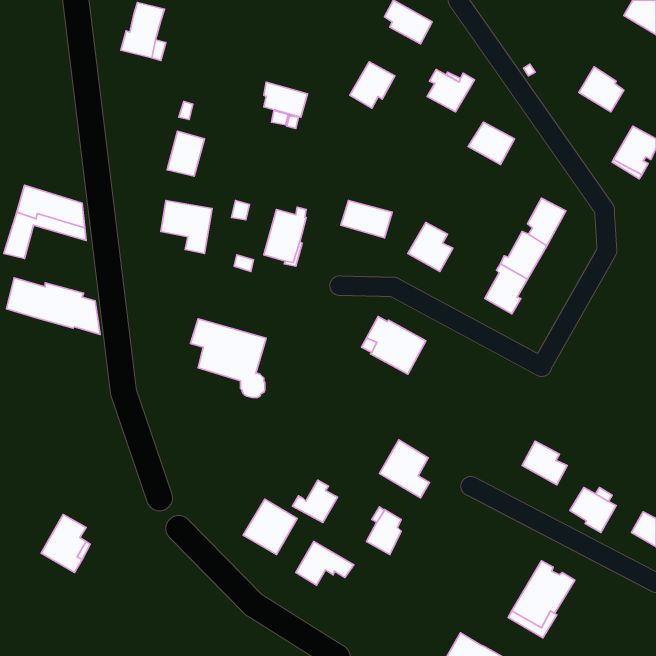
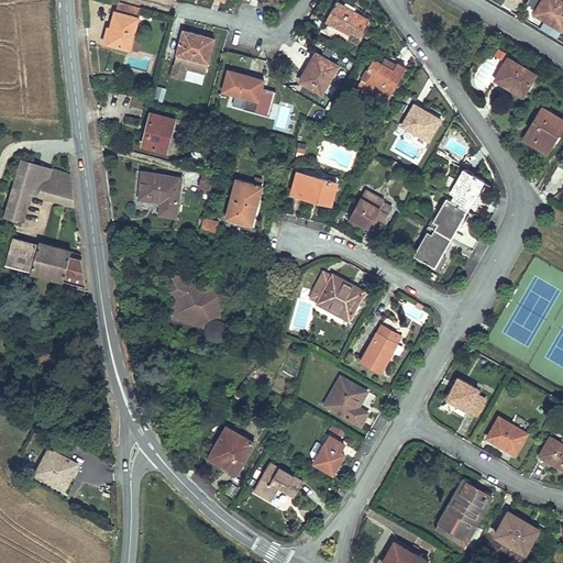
building: none -> [173,31,214,75]
building: none -> [360,325,400,374]
building: [293,480,338,522] -> none
building: none -> [495,512,538,553]

